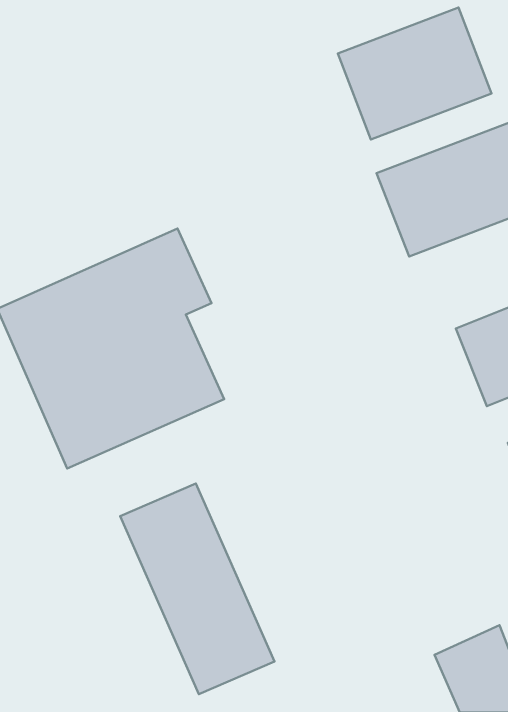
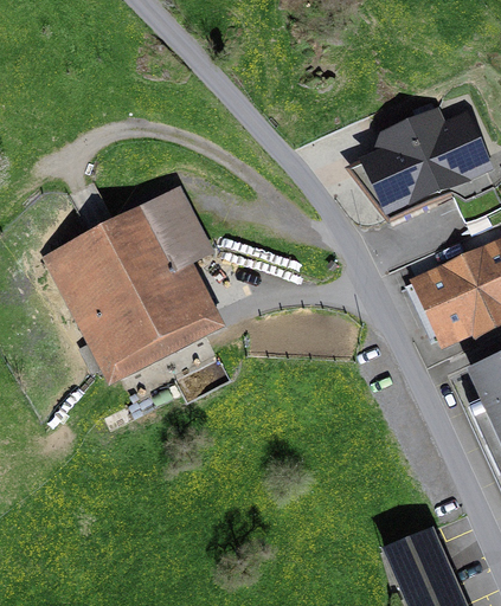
building: [338,7,492,140] -> none
building: [120,484,275,694] -> none

